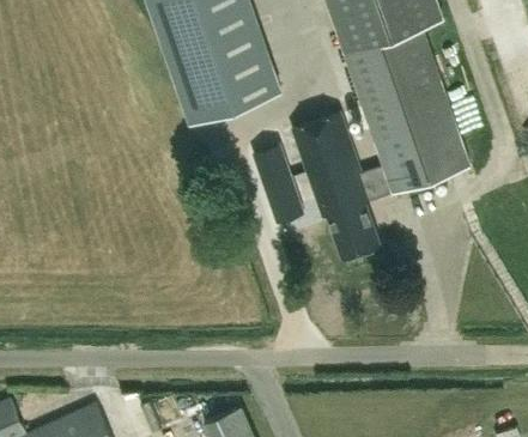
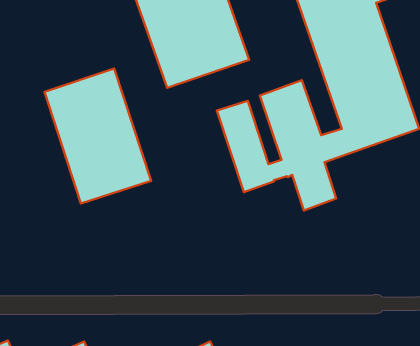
building: none -> [44,68,151,203]

